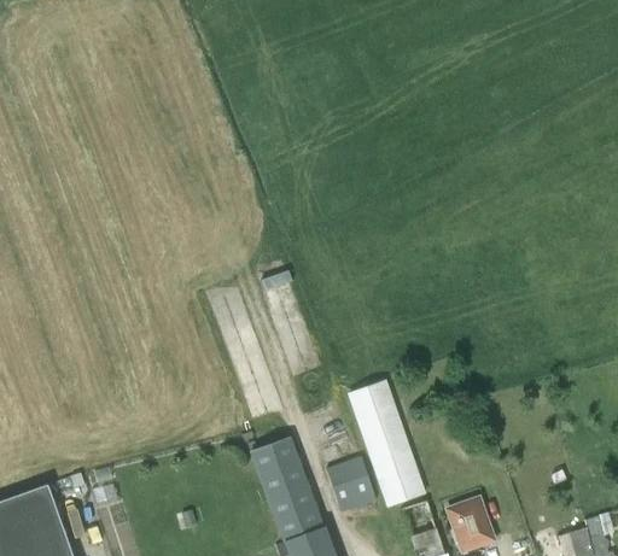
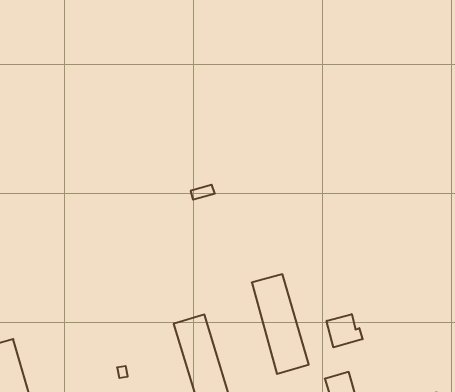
building: none -> [327,314,363,347]
building: [327,458,377,513] -> none

